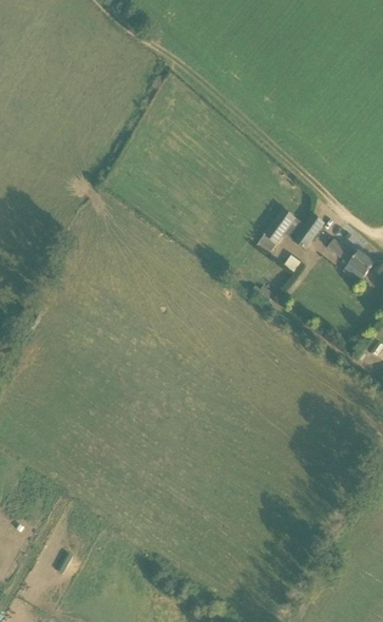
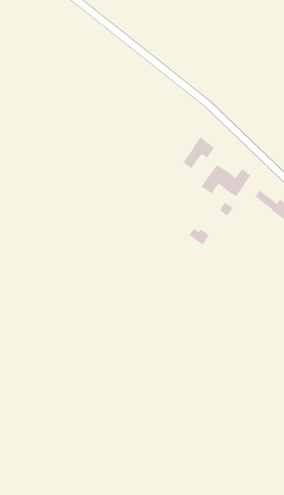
building: none -> [183,136,215,169]

